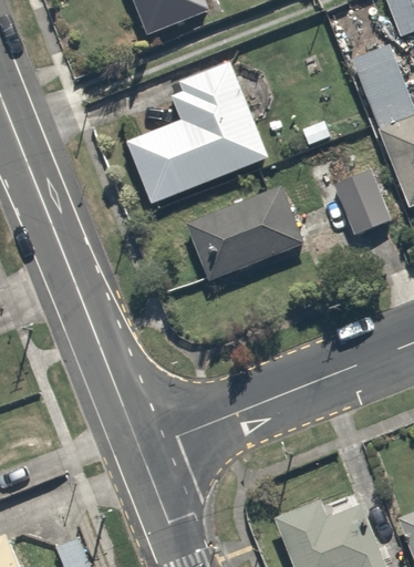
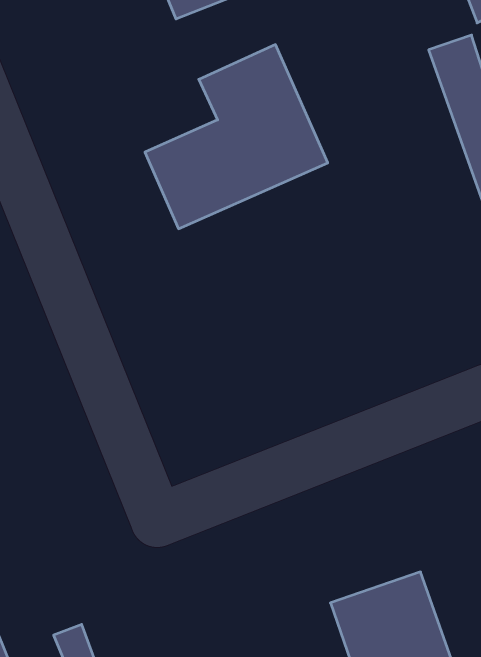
building: [329,158,385,233] -> none
building: [189,186,307,287] -> none

